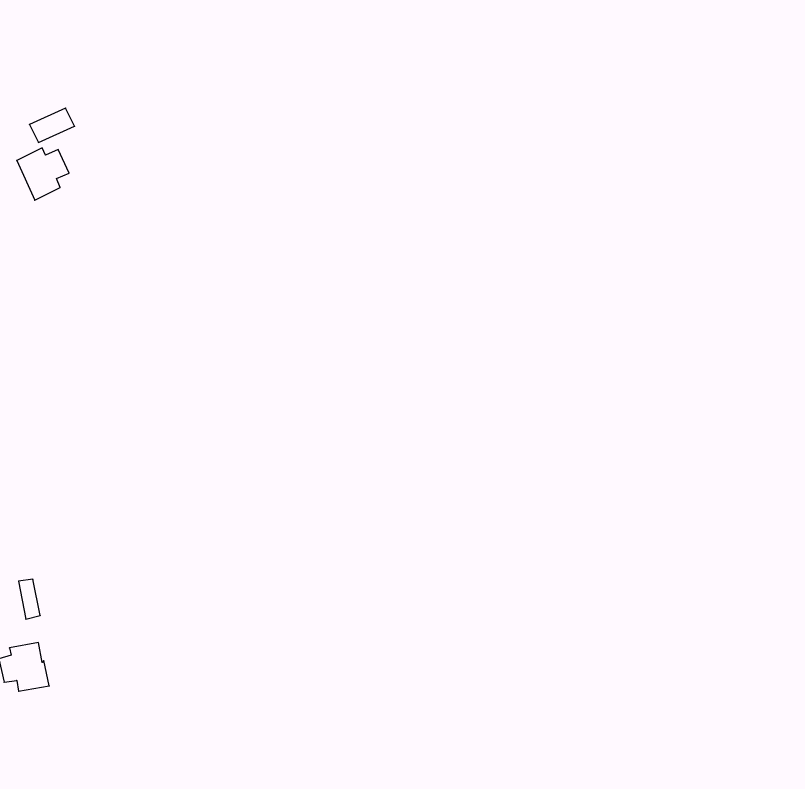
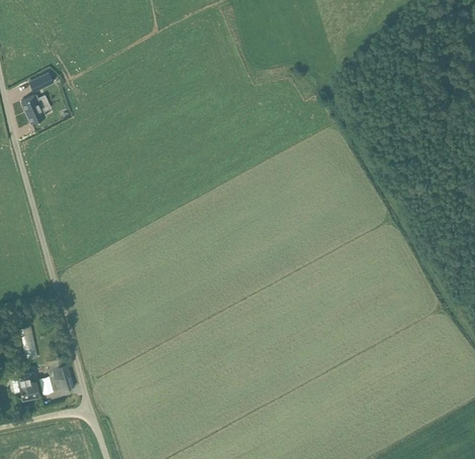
building: none -> [48,364,74,391]

